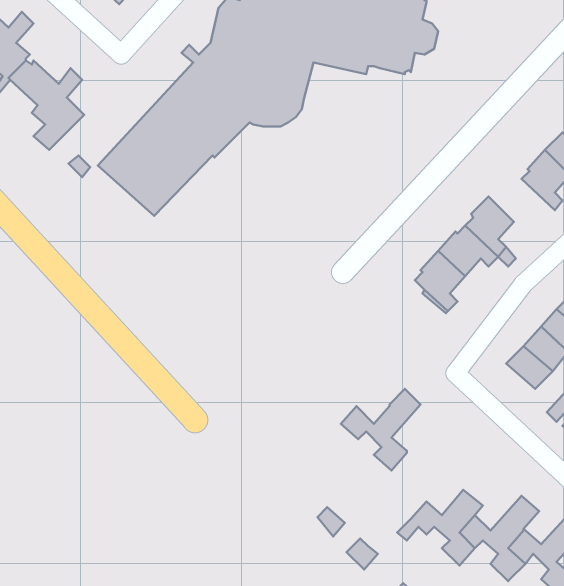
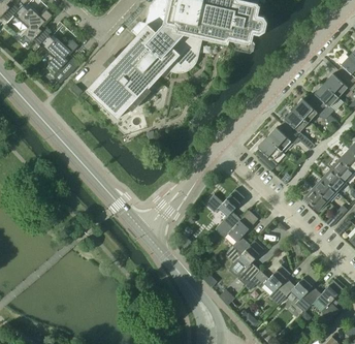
building: none -> [294,98,329,121]
building: none -> [205,188,245,228]
building: none -> [225,239,264,286]

